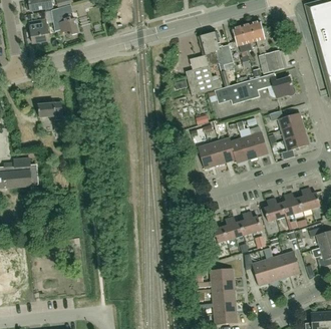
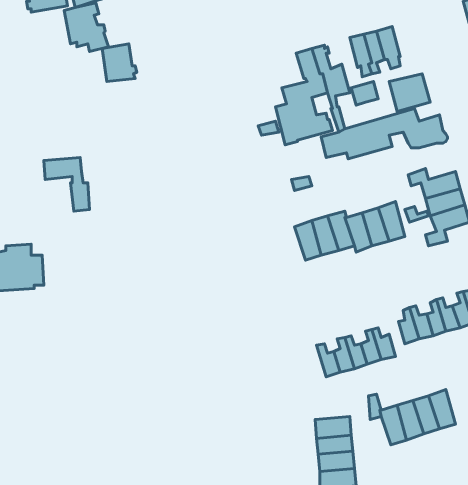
building: [29,19,51,43] -> [102,44,137,82]

